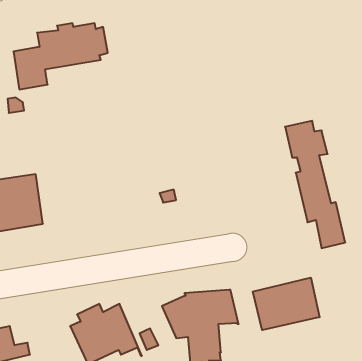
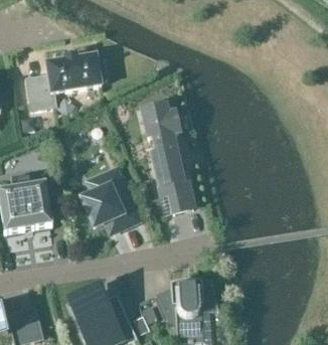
building: [285,121,345,248] -> [142,104,193,212]
building: none -> [81,168,138,226]
building: [253,278,320,330] -> none

